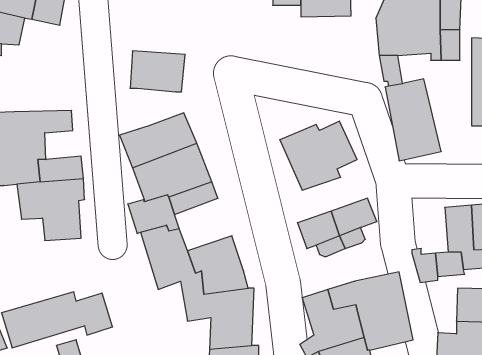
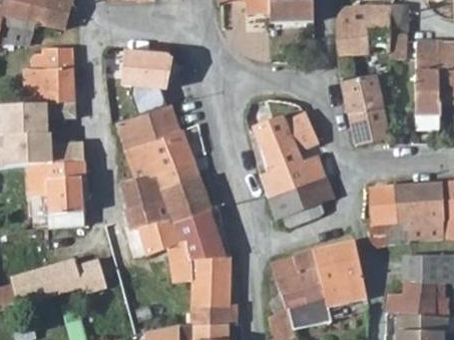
building: none -> [24,46,73,102]
building: none -> [129,82,169,114]
building: none -> [259,153,327,198]
building: none -> [161,177,210,222]
building: none -> [368,185,396,225]

